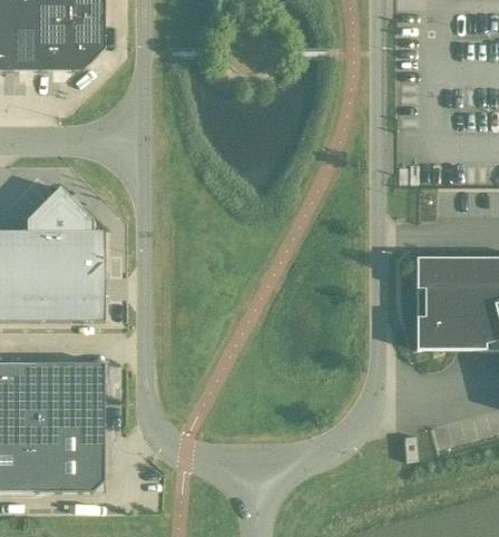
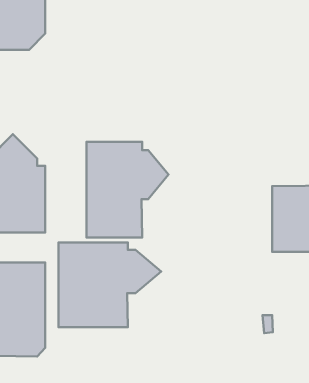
building: none -> [87,142,169,237]
building: none -> [58,243,161,327]

